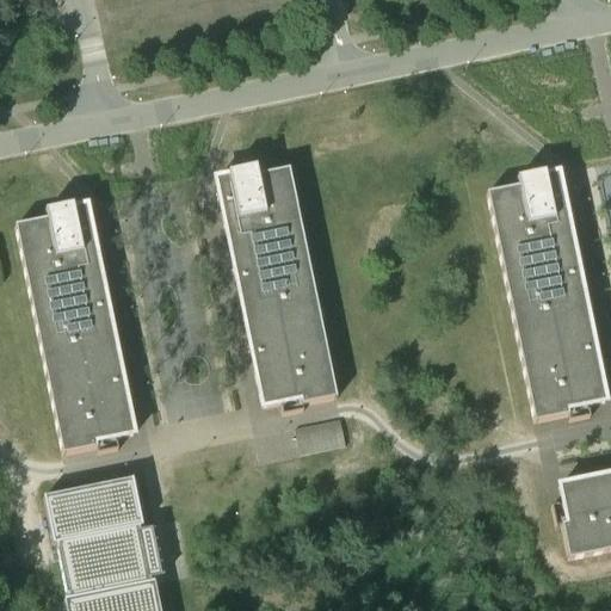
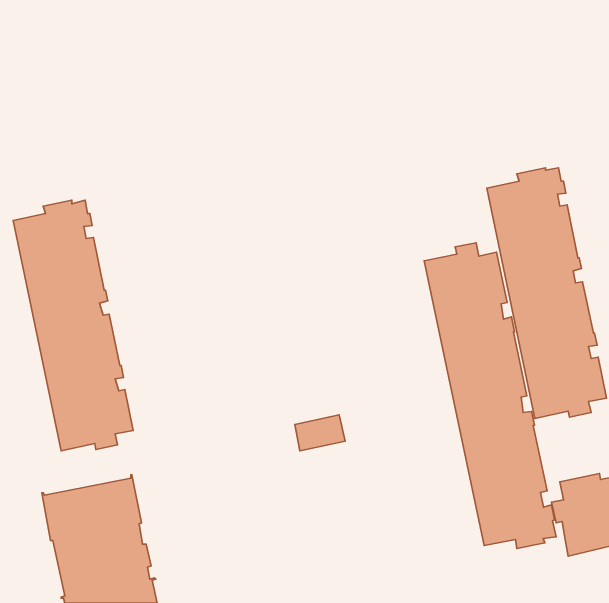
building: [217,161,338,409] -> none
building: none -> [424,243,556,549]

